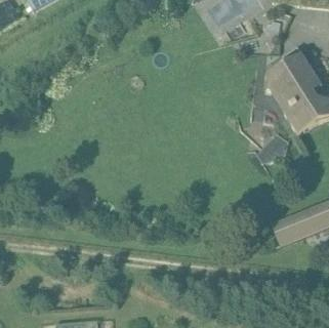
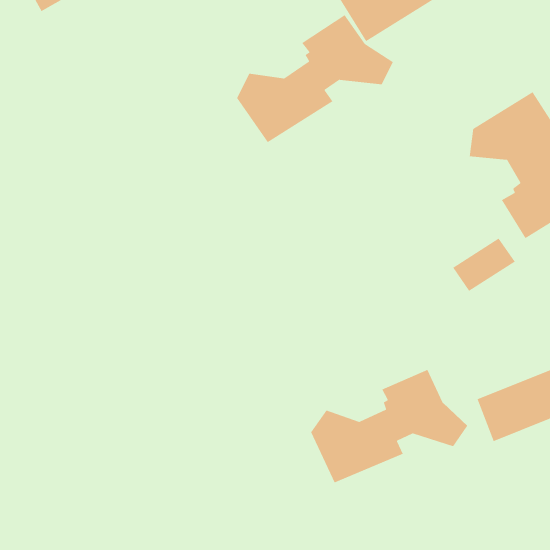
building: none -> [236,14,394,143]
building: none -> [310,369,468,483]

